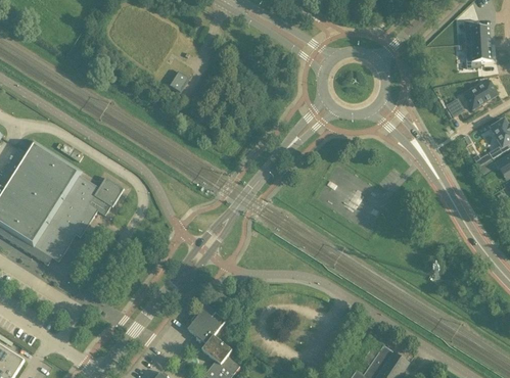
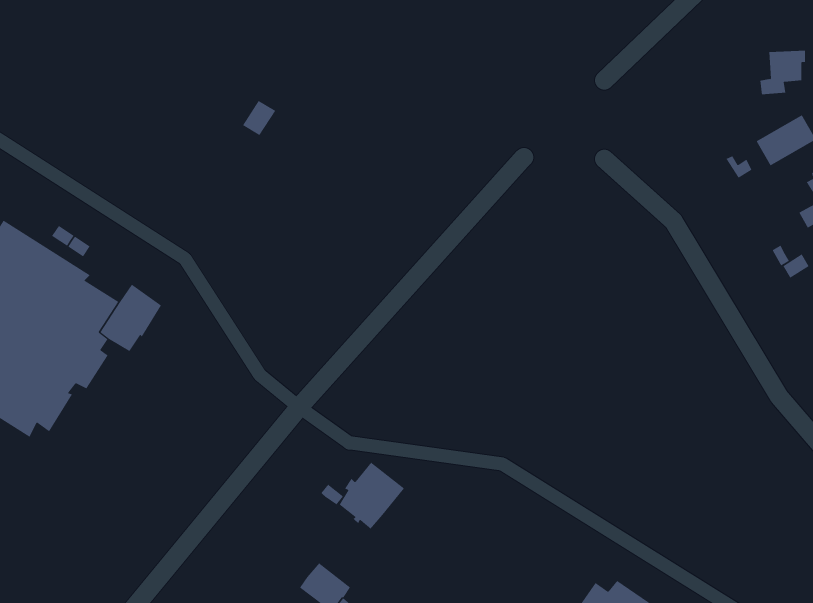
building: [463,20,492,44] -> none
building: [187,305,225,344] -> [339,462,405,530]

